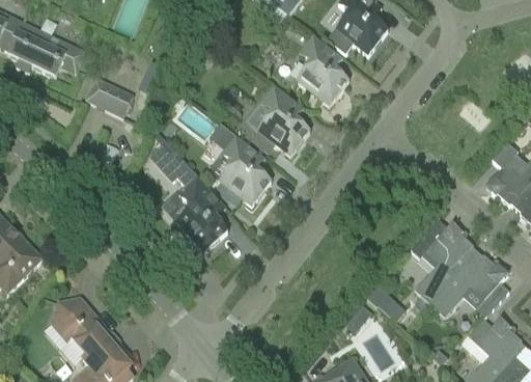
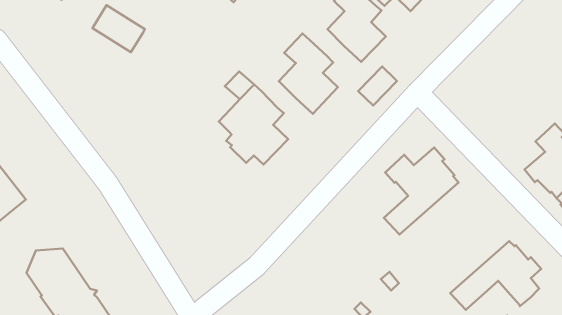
building: none -> [358,67,397,106]
building: [151,146,227,250] -> none
building: [410,221,476,302] -> [384,147,458,235]

